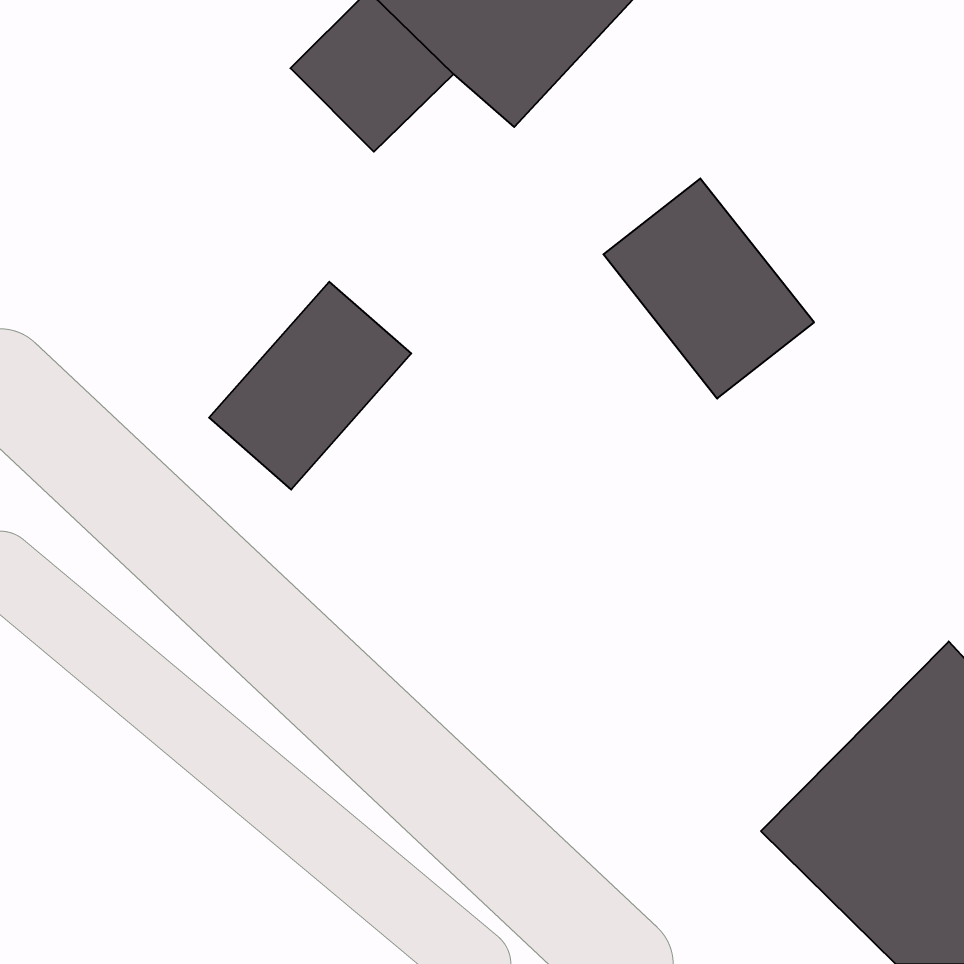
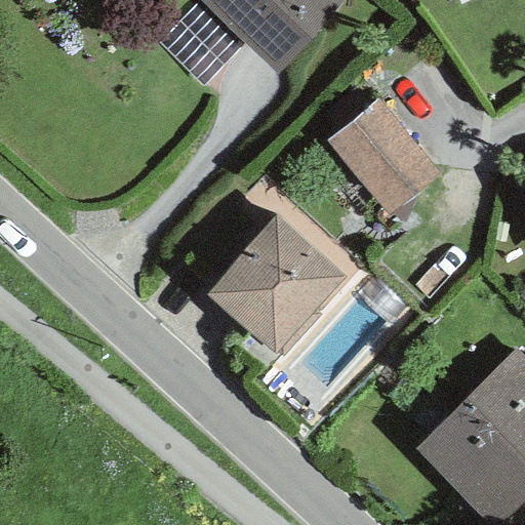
building: [209,282,411,490] -> none
building: none -> [207,213,349,355]

